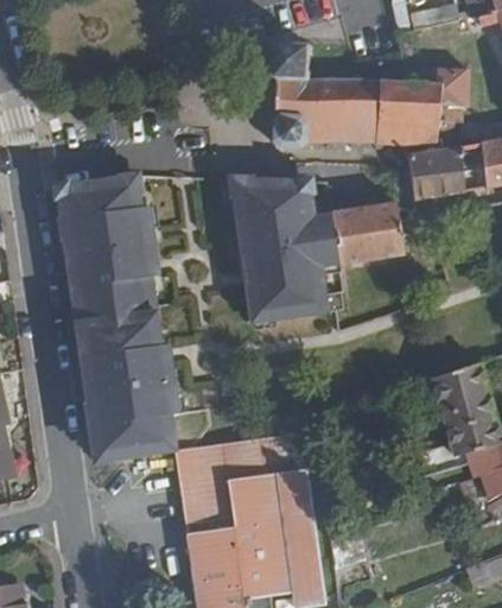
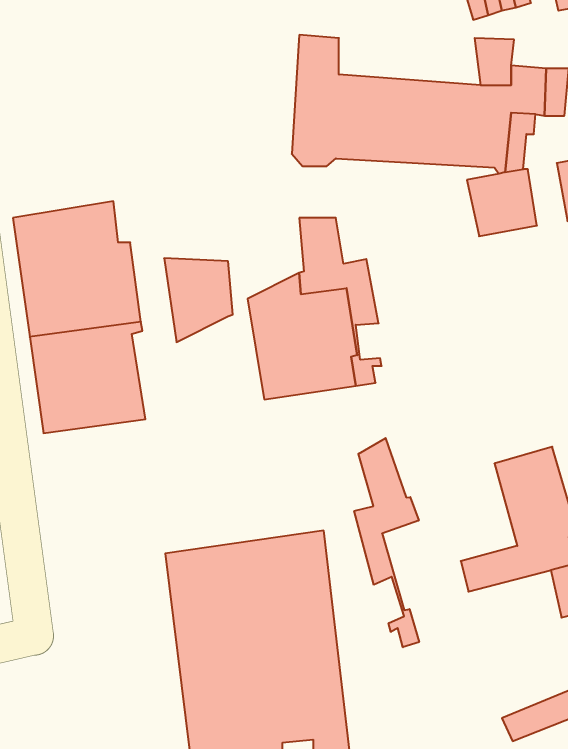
building: [229,183,282,248] -> [164,258,233,342]
building: [331,204,407,267] -> none
building: [80,341,177,458] -> none
building: none -> [354,438,419,647]

